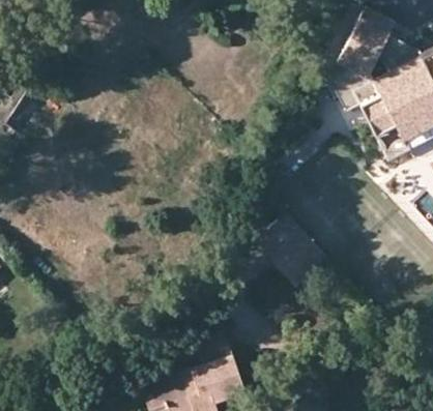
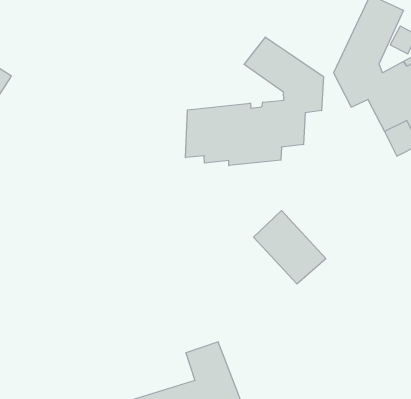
building: none -> [185,37,324,166]

